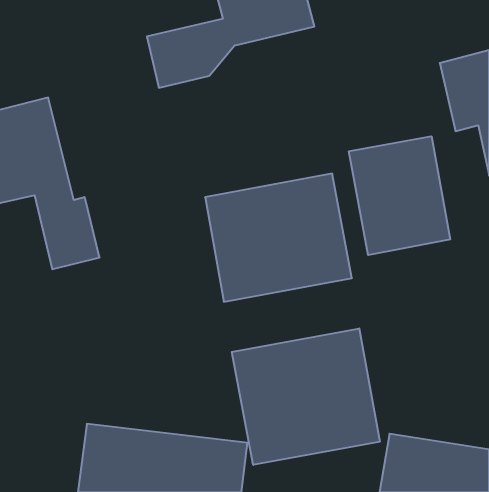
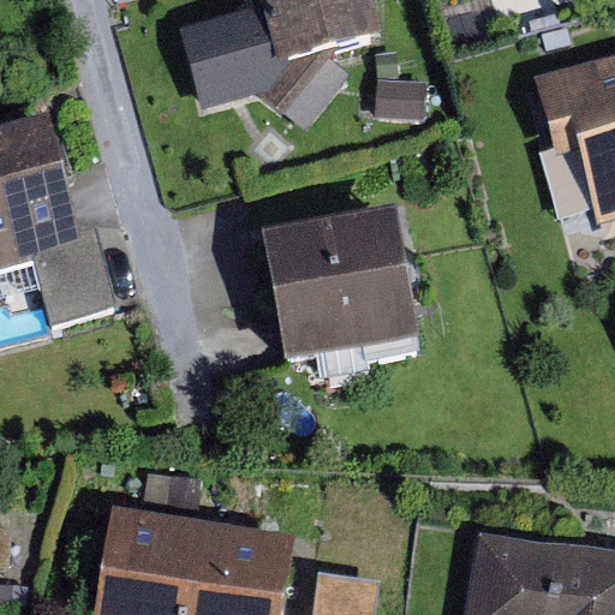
building: [349,136,450,255] -> none
building: [232,328,380,465] -> none

